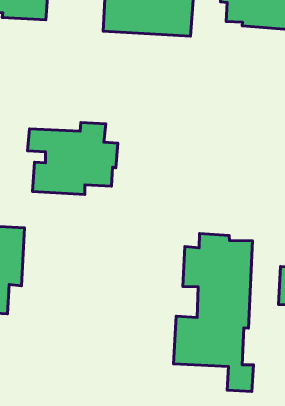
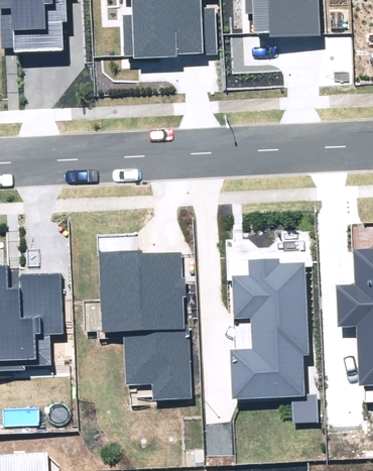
building: [28,123,118,195] -> none
building: none -> [100,250,192,399]

